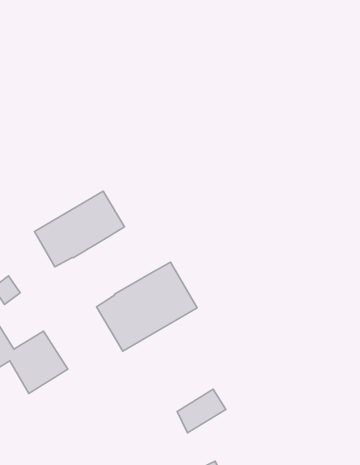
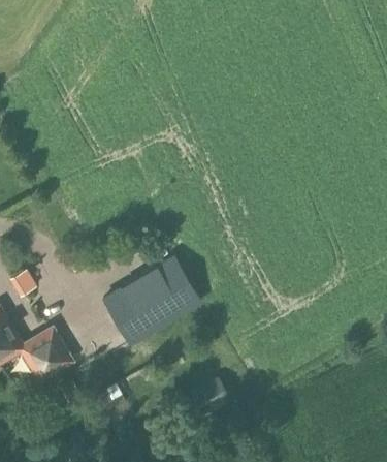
building: [34,191,124,267] -> none

